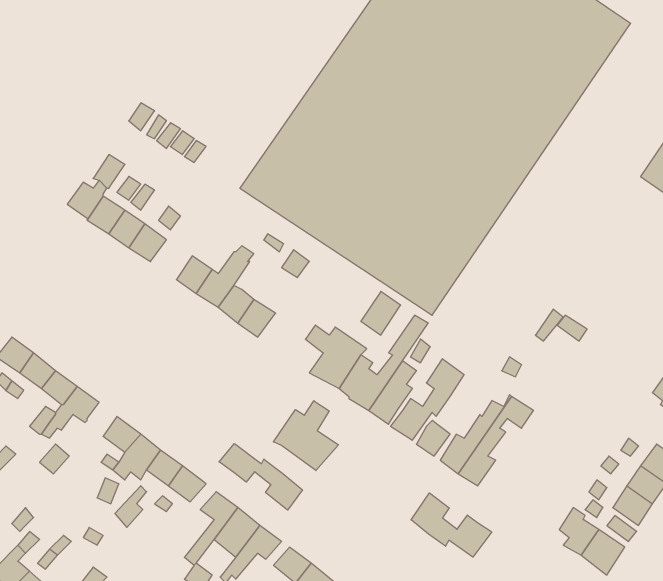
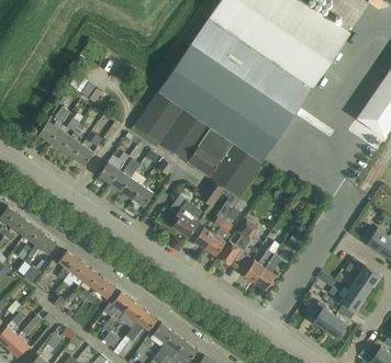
building: [273,401,338,471] -> none
building: [219,444,302,510] -> none
building: [411,493,492,557] -> none

